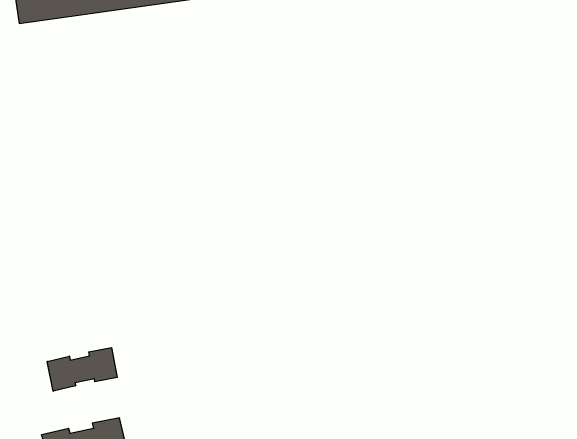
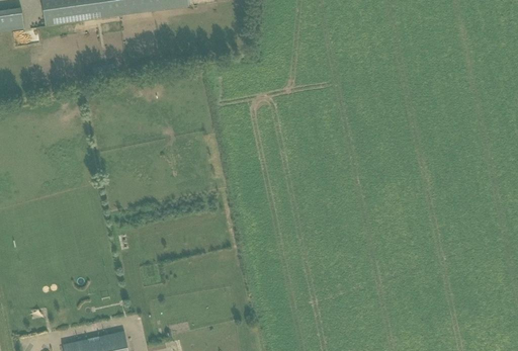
building: [47,348,117,391] -> none

